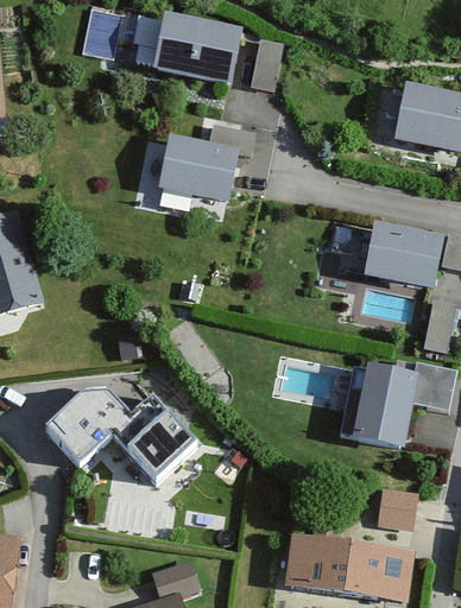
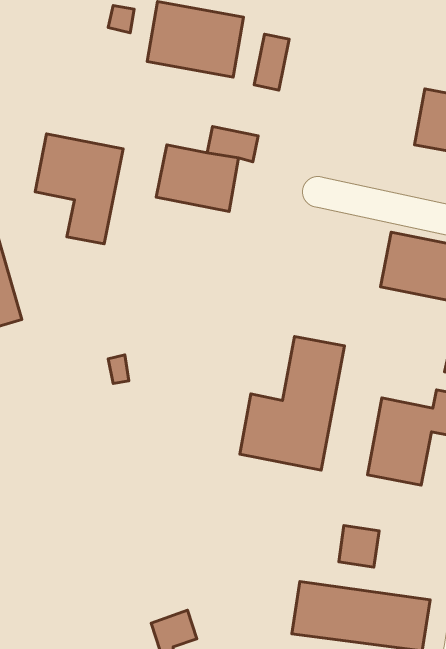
building: none -> [35,134,123,244]
building: none -> [240,337,344,470]
building: [44,391,192,481] -> none
building: [378,489,415,527] -> [339,525,379,567]

